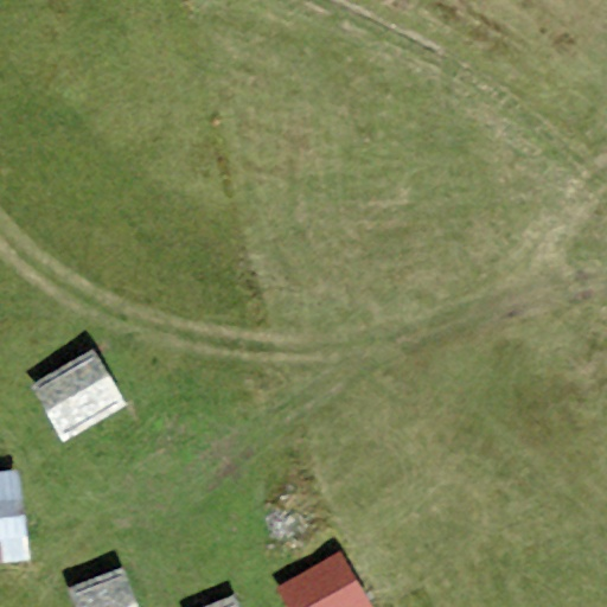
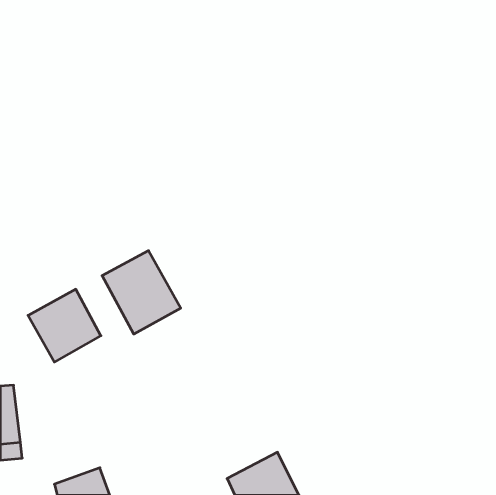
building: none -> [102,251,181,334]

